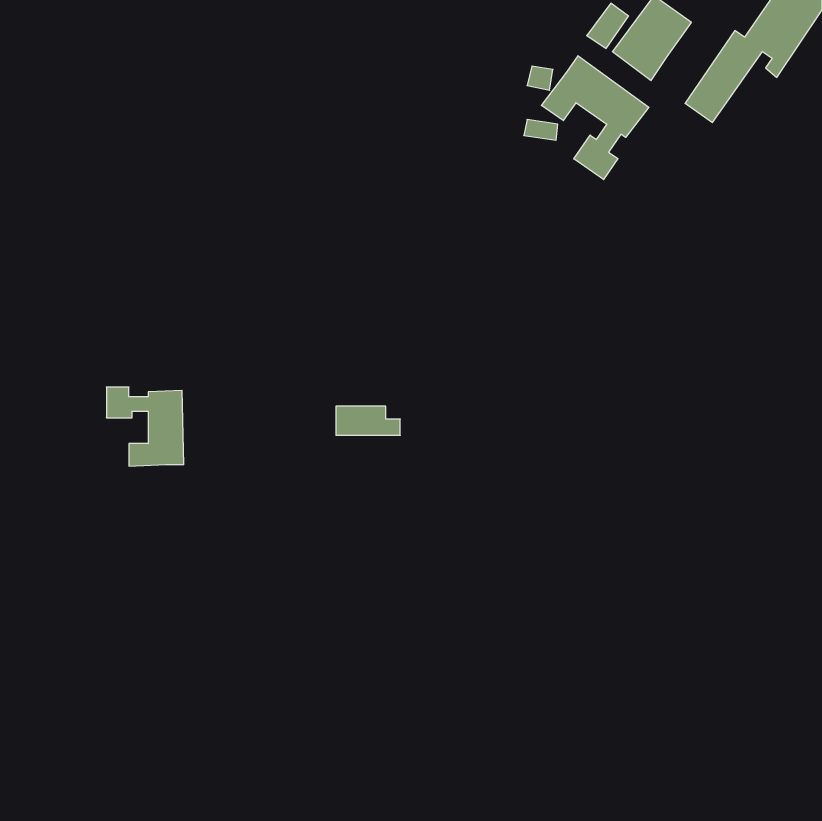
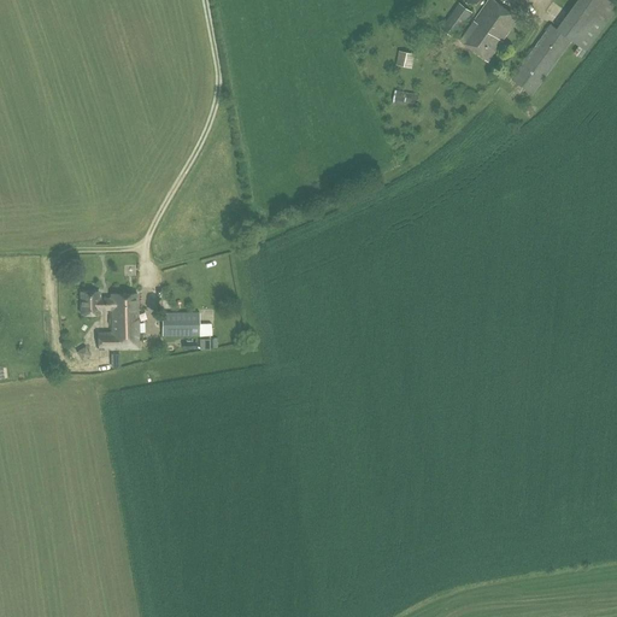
building: [541,56,649,180] -> none
building: [336,406,400,435] -> [161,312,210,334]

